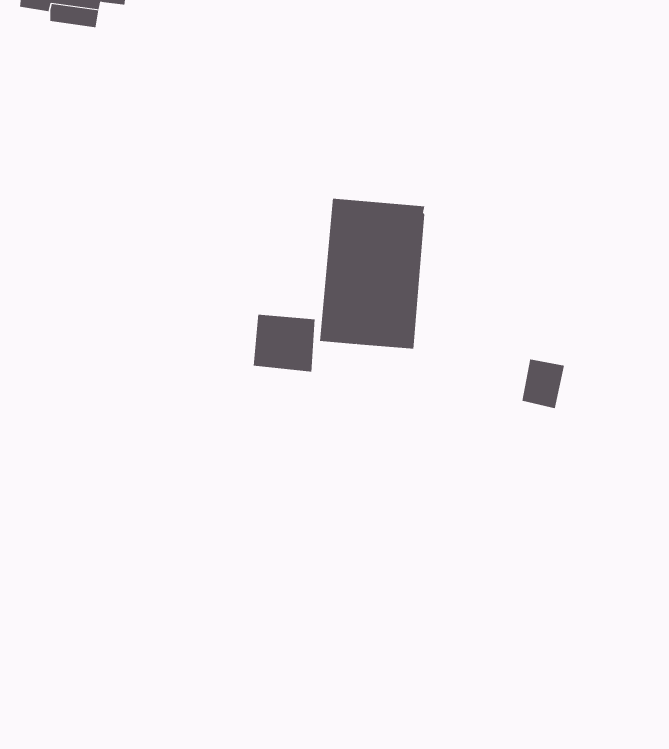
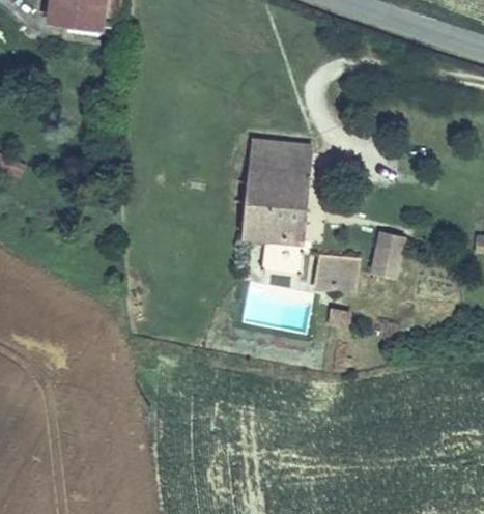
building: [253,314,315,372] -> [263,234,304,272]
building: none -> [314,254,357,288]

